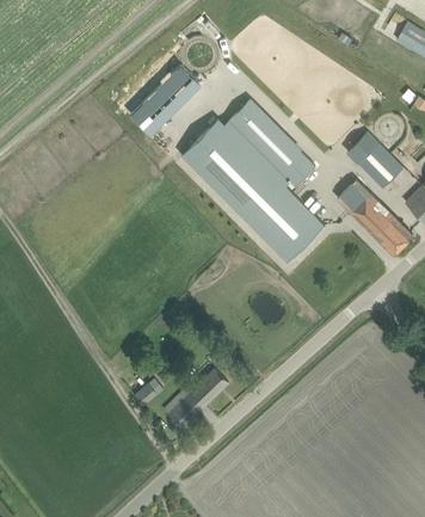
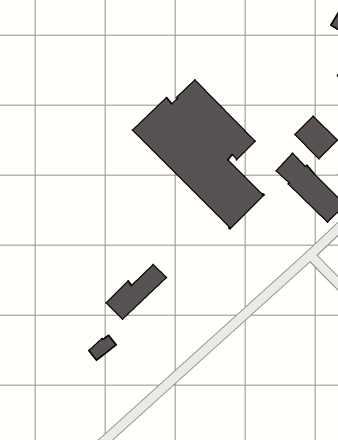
building: [138,63,205,130] -> none
building: [162,369,228,429] -> [106,265,166,319]

